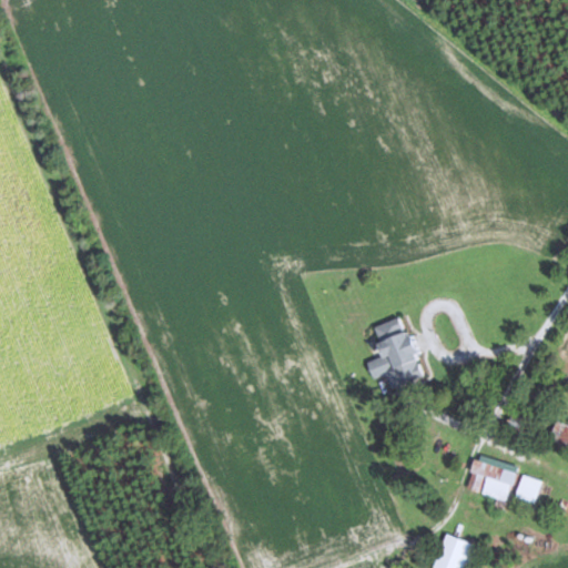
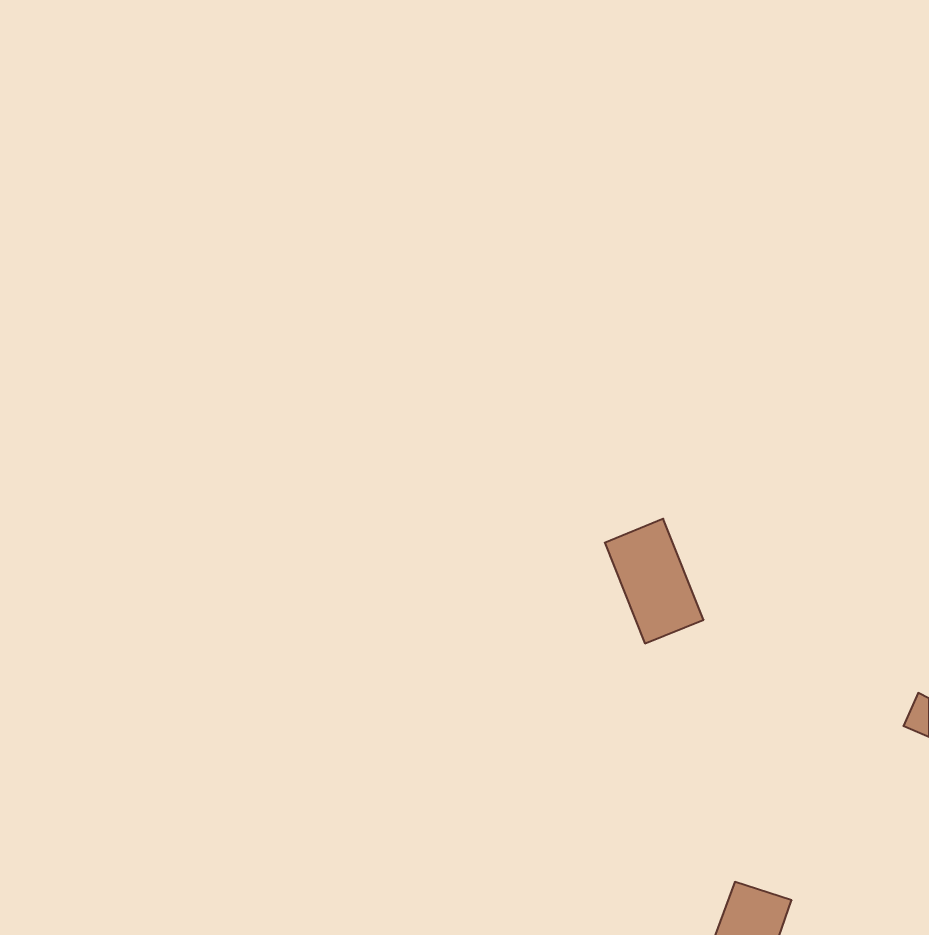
building: [470,456,516,503] -> none
building: [515,476,540,504] -> none

